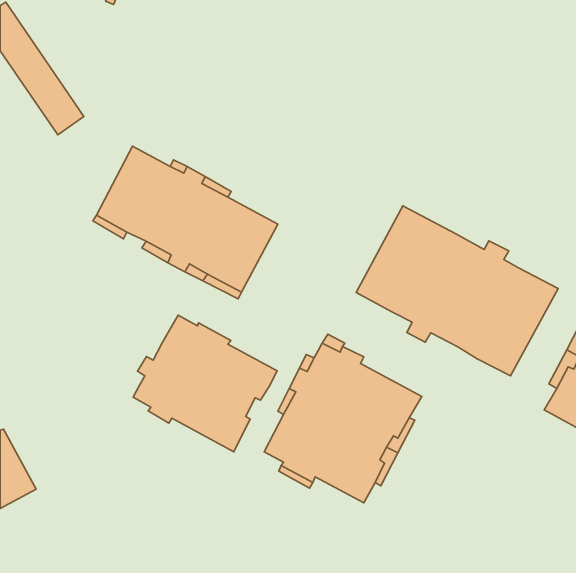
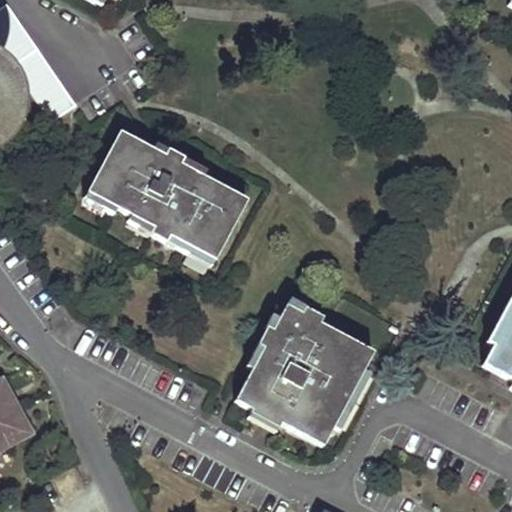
building: [356,206,558,376] -> none
building: [133,315,277,452] -> none

